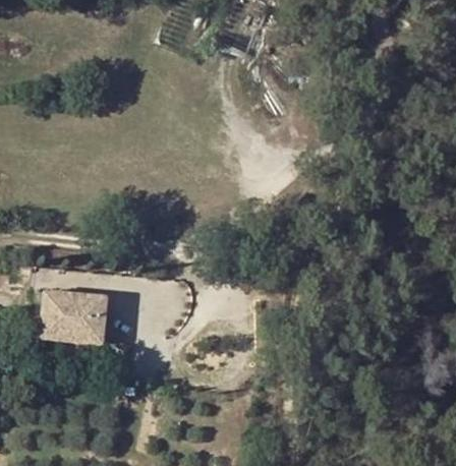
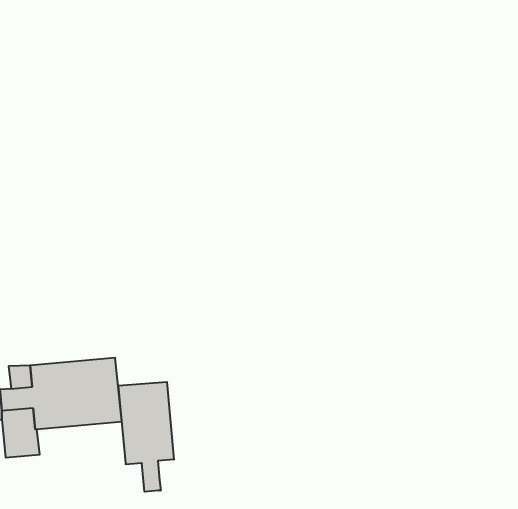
building: none -> [119,382,174,492]

